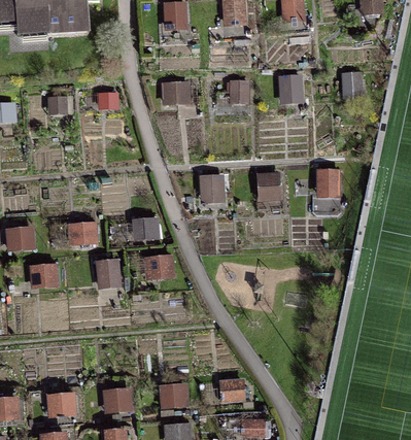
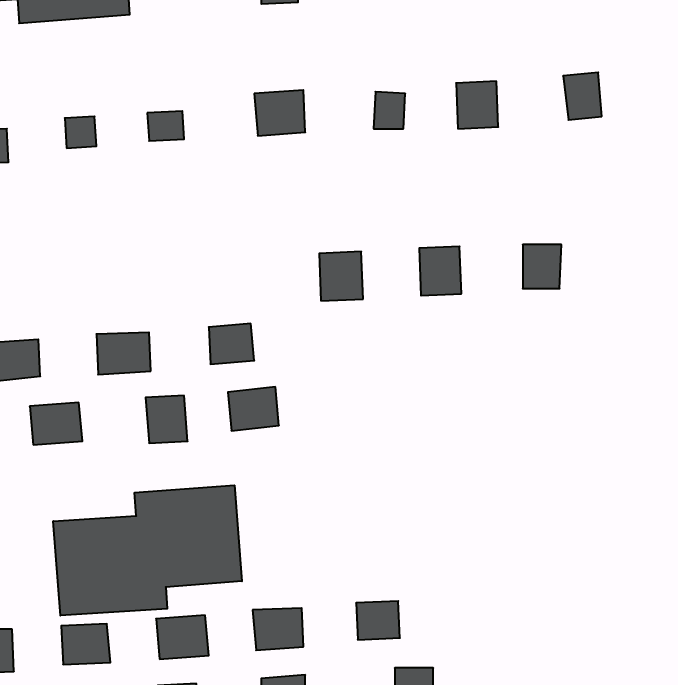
building: none -> [53,485,242,616]

